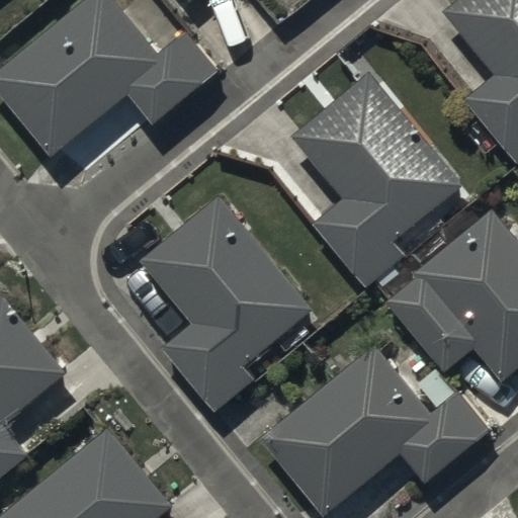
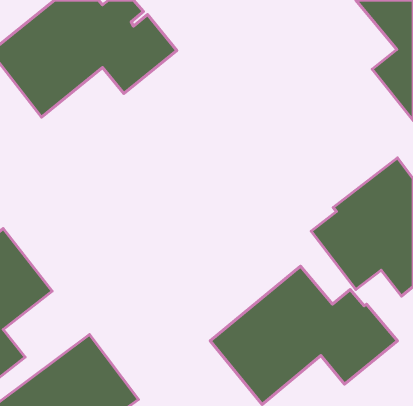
building: [291,71,461,291] -> none
building: [139,195,313,418] -> none

